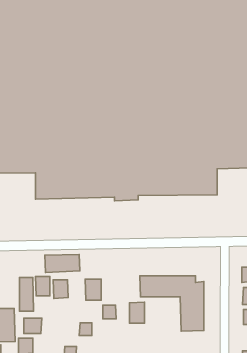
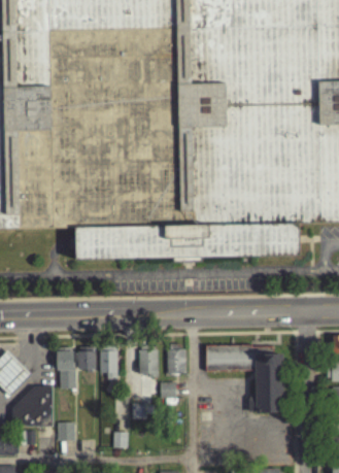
building: [45,255,80,273] -> none
building: [129,302,145,323] -> [168,349,187,375]
building: [24,318,42,334] -> none

